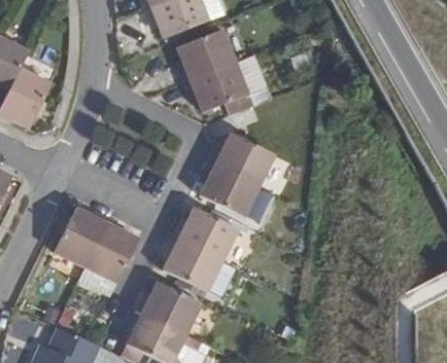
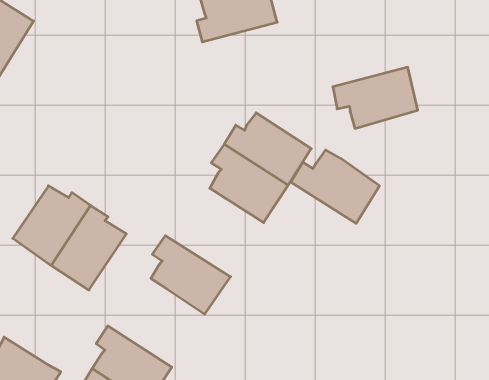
building: [182,62,249,113] -> [333,67,418,128]
building: [171,207,239,260] -> [291,150,379,223]
building: [135,281,202,334] -> none

